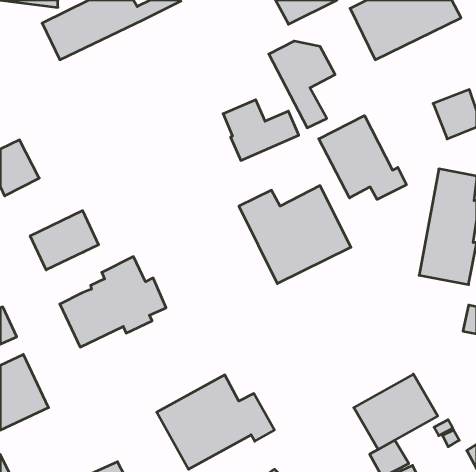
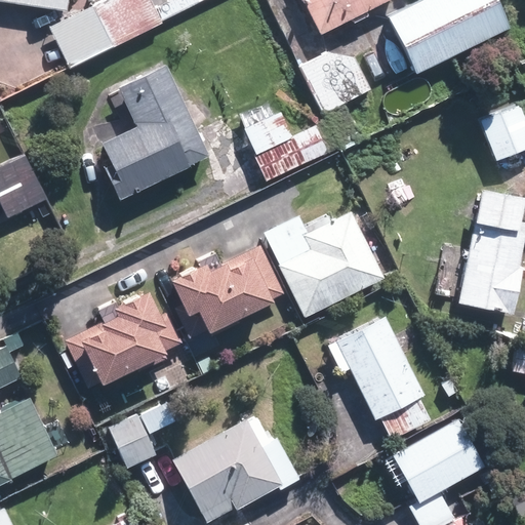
building: none -> [96,69,207,204]
building: [319,116,406,199] -> none
building: [30,211,99,270] -> none
building: none -> [170,246,284,338]
building: none -> [337,316,433,440]
building: none -> [110,414,158,468]

